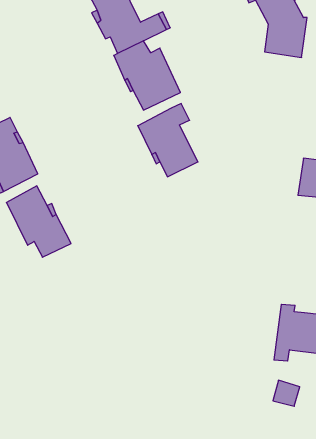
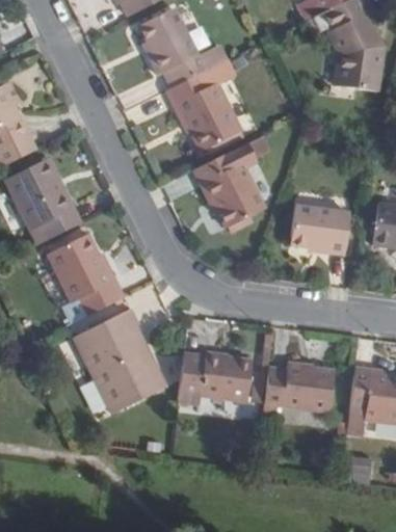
building: none -> [290,207,349,251]
building: none -> [75,309,166,411]
building: none -> [178,354,252,403]
building: none -> [262,369,334,413]

